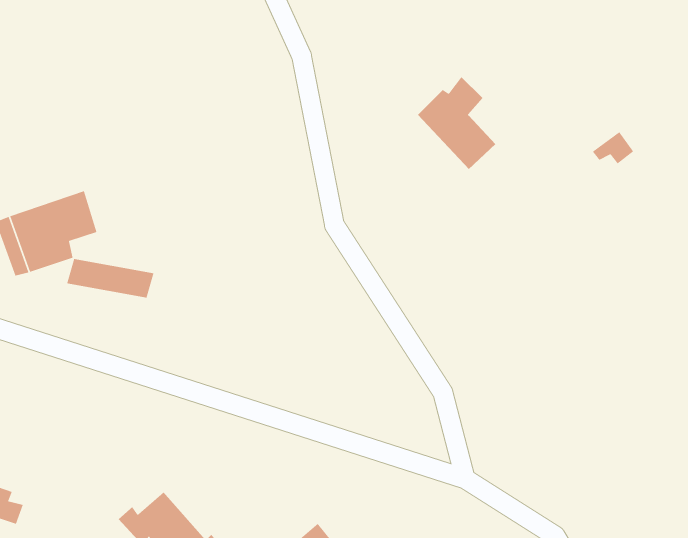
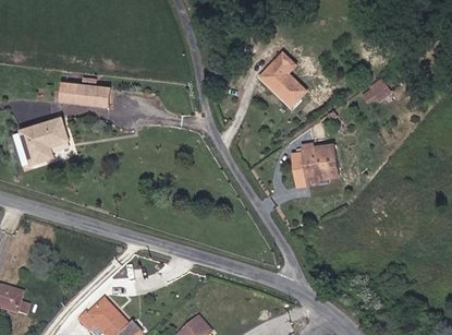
building: none -> [300,143,333,183]
building: [66,258,154,299] -> [56,82,108,106]

